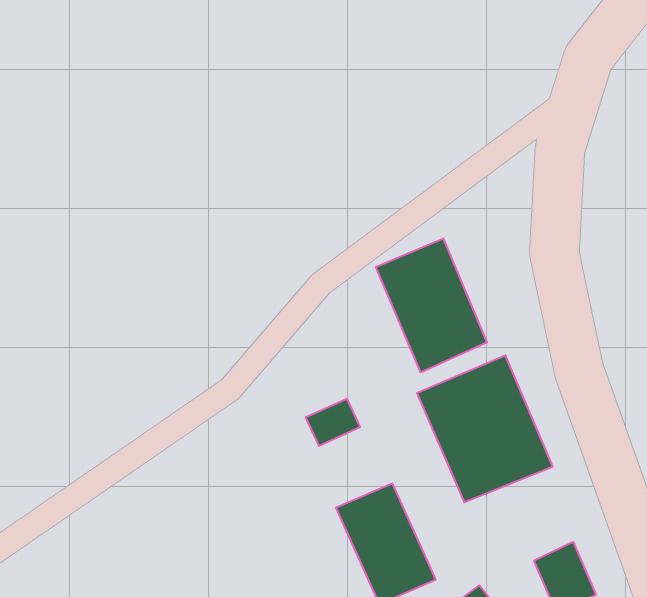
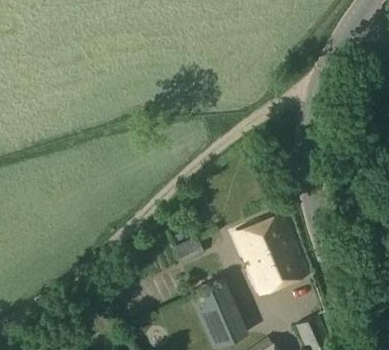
building: [376,238,487,372] -> none

